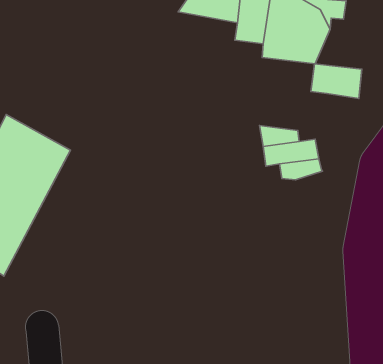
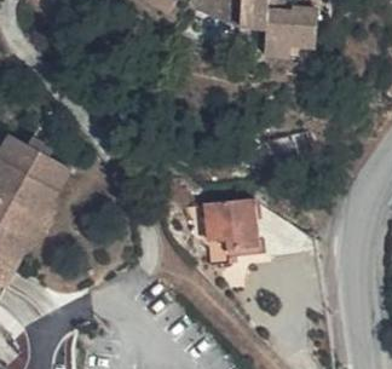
building: [311,64,362,98] -> none
building: none -> [212,207,261,255]

